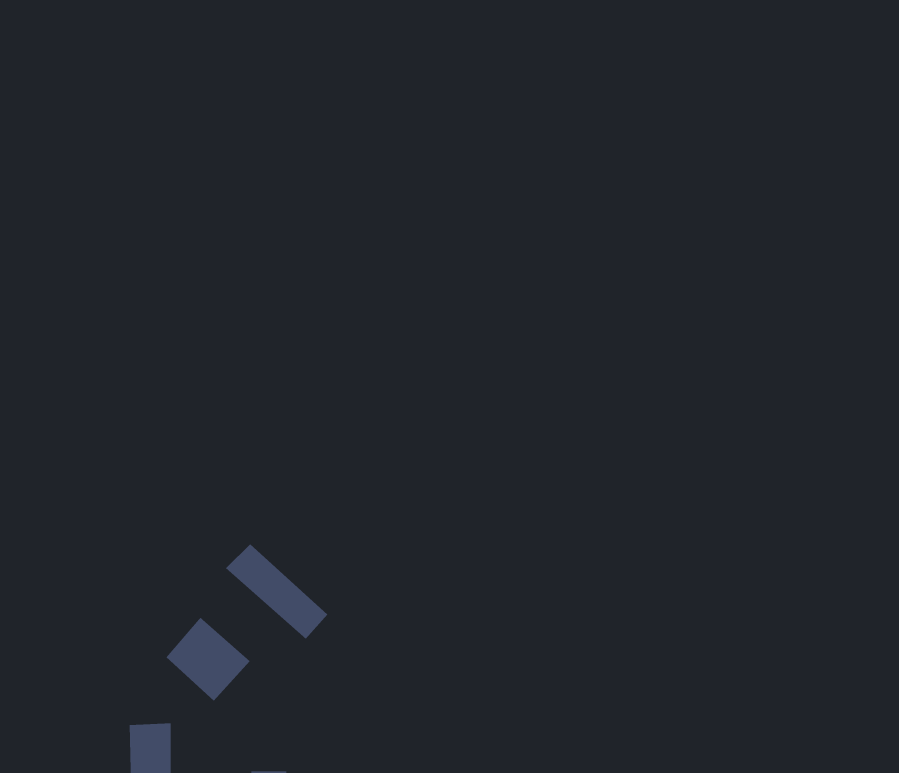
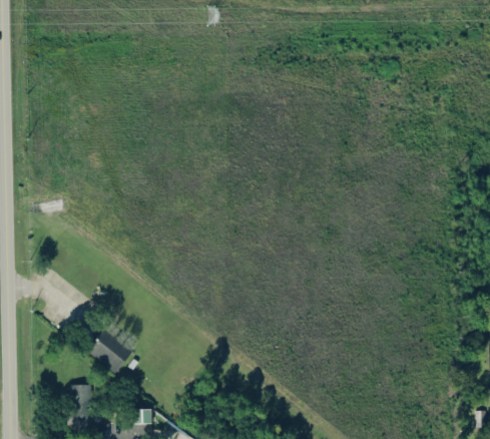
building: [225,543,328,640] -> none

